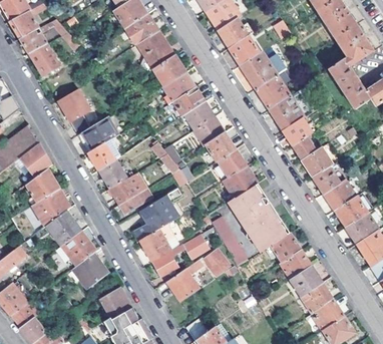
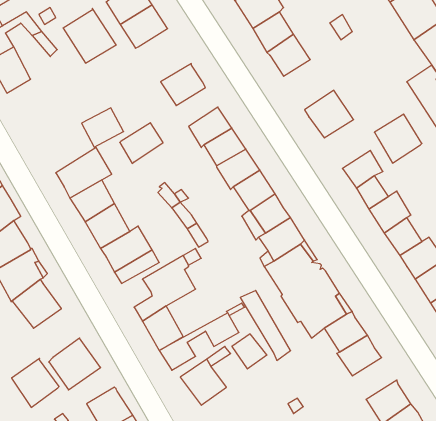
building: [136,30,174,69] -> [63,8,116,63]
building: [241,52,286,89] -> none
building: [162,73,194,102] -> [120,123,163,163]
building: [60,94,90,122] -> [82,108,124,147]
building: [270,96,304,131] -> [374,114,422,163]
building: [61,232,95,267] -> [12,358,59,407]
building: [290,267,322,297] -> none

